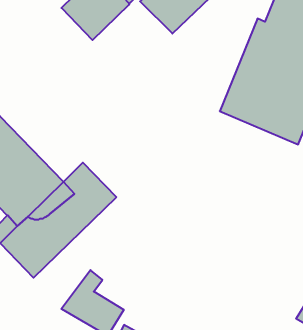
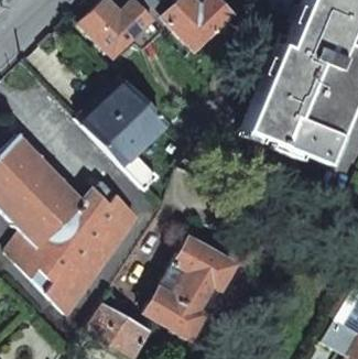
building: none -> [83,80,165,164]
building: none -> [144,237,235,339]

